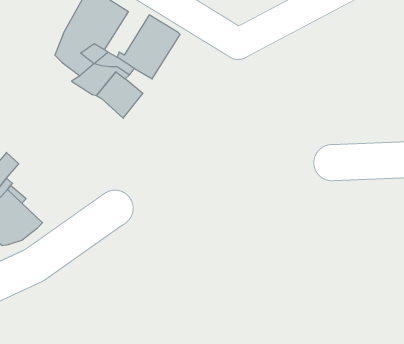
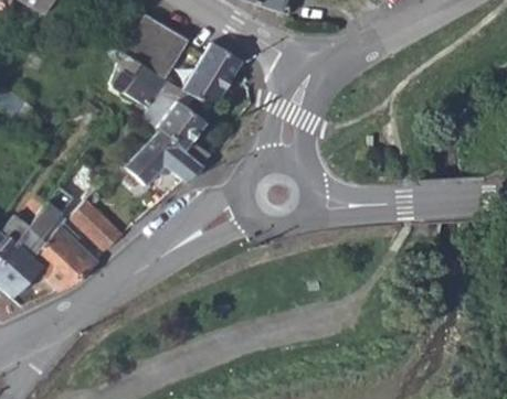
building: none -> [126,130,201,185]
building: none -> [67,200,123,252]

